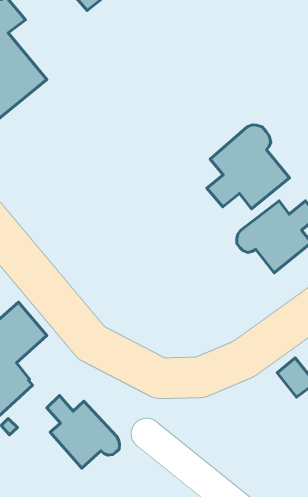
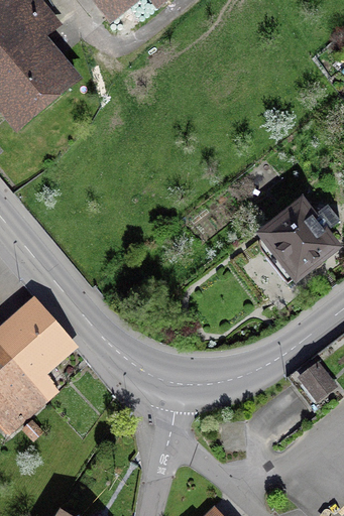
building: [207,125,290,209] -> none
building: [47,395,119,468] -> none

